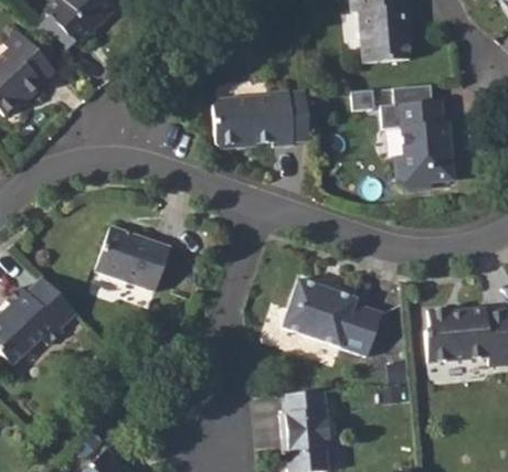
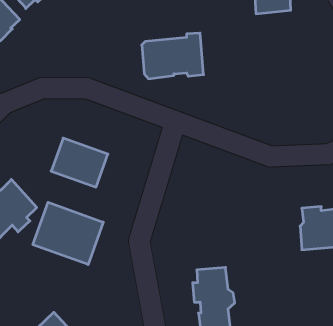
building: [392,98,454,187] -> none
building: [283,279,382,355] -> none
building: none -> [33,202,103,265]

